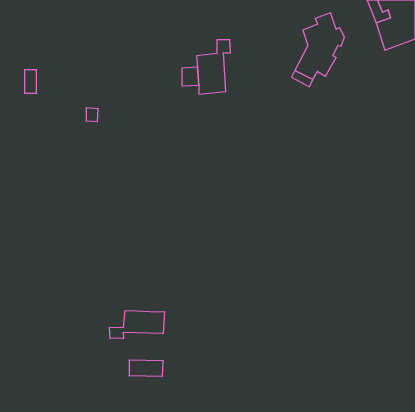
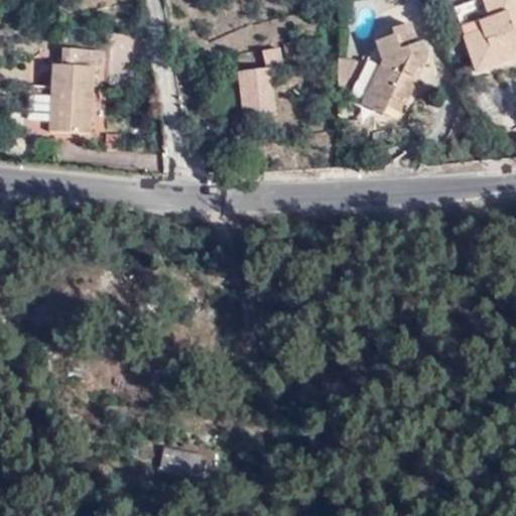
building: none -> [51,53,93,136]
building: [109,311,164,339] -> none

